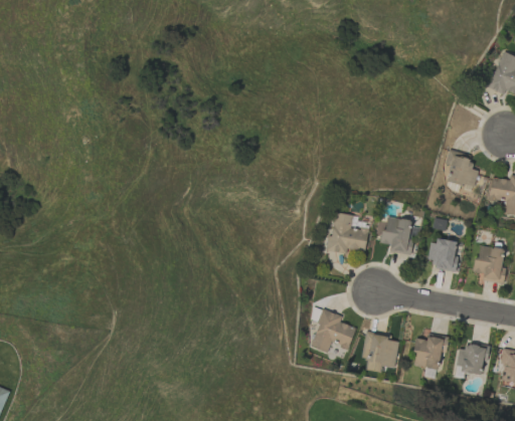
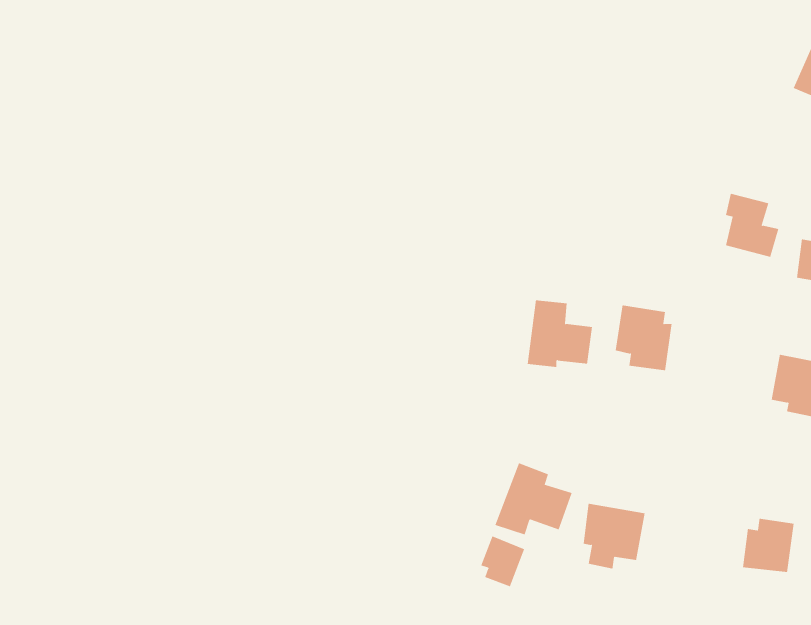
building: [428,237,459,272] -> none
building: [412,335,448,370] -> none
building: none -> [480,535,525,587]

